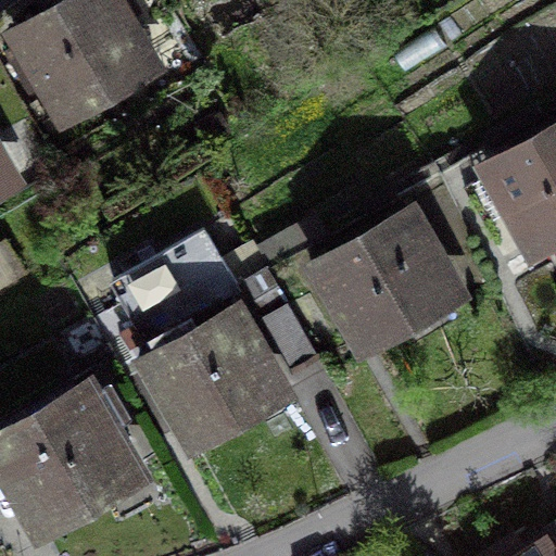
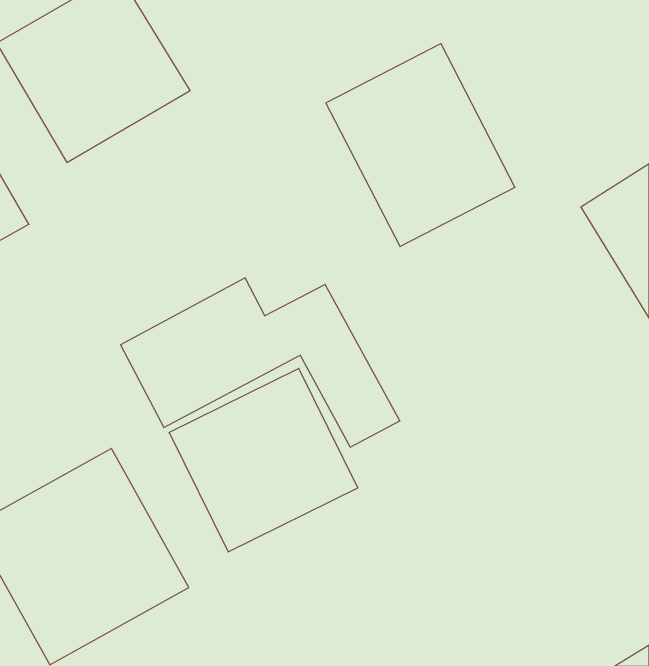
building: none -> [326,44,515,247]
building: [316,211,468,353] -> none

